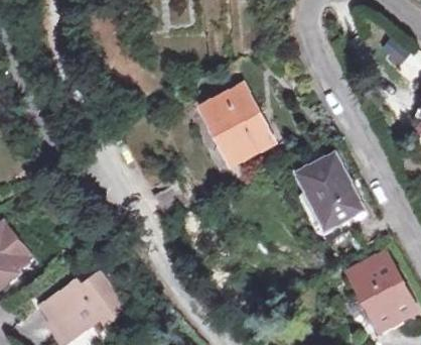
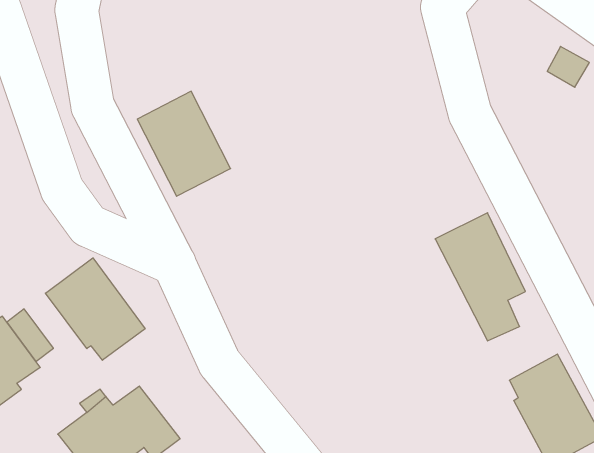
building: [208,89,273,161] -> [137,91,231,196]
building: none -> [45,258,145,360]

